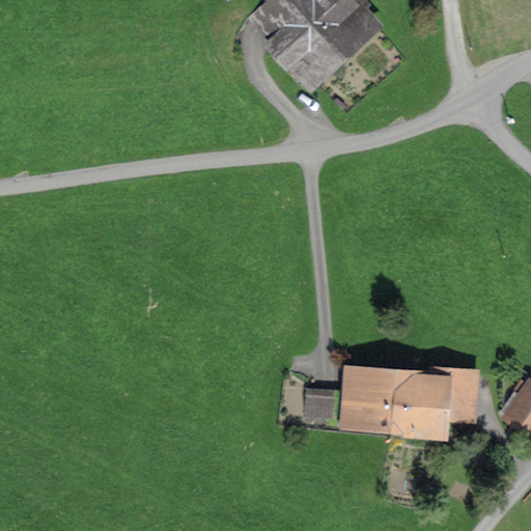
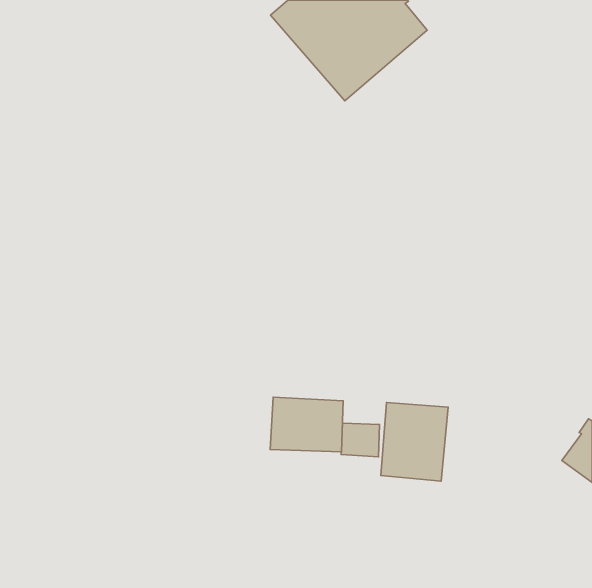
building: none -> [270,397,343,452]
building: [394,363,480,439] -> none

